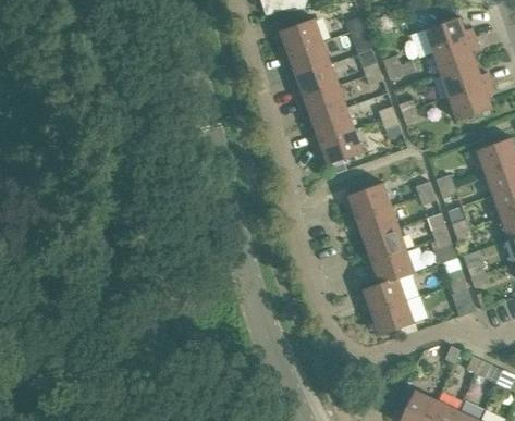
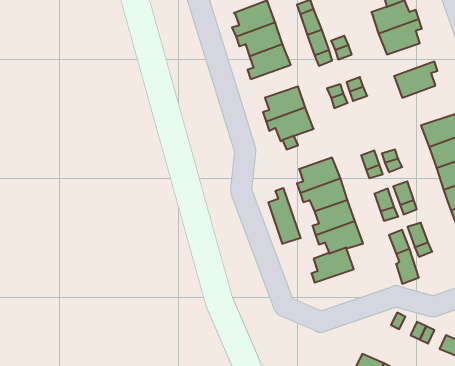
building: [441,62,491,97] -> none
building: [297,85,347,120] -> none
building: none -> [268,188,301,244]
building: [365,300,415,335] -> none

